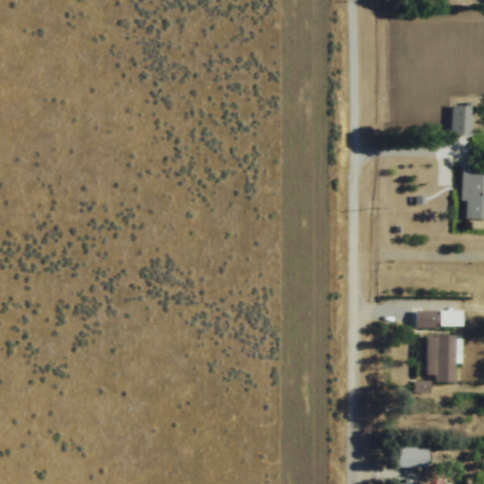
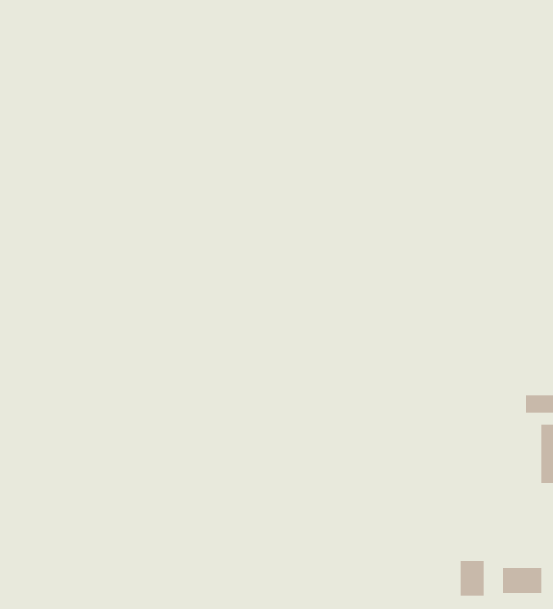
building: none -> [460,560,484,596]

